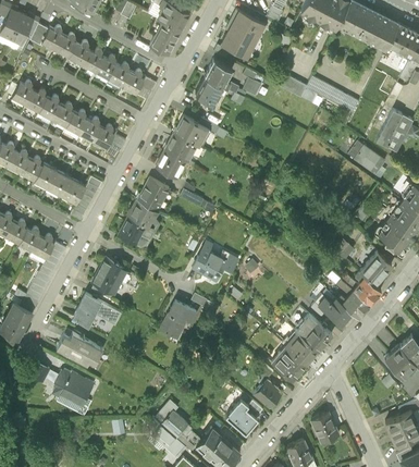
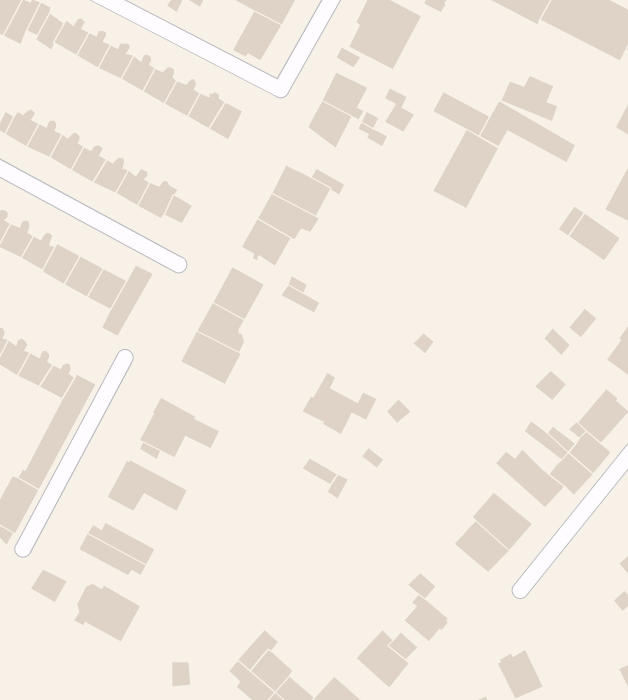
building: none -> [433,129,499,209]
building: [160,302,197,337] -> none
building: [272,347,306,379] -> none

